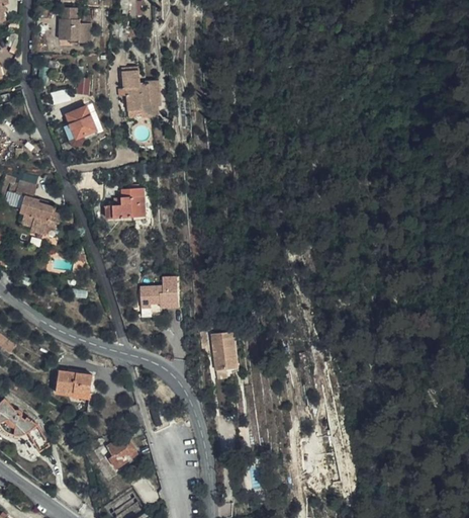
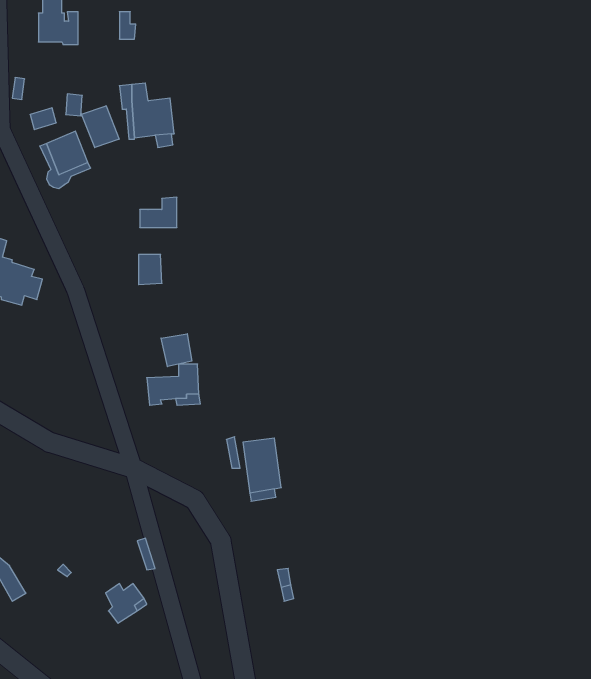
building: none -> [82,106,119,148]
building: [105,195,132,218] -> [140,197,177,227]
building: none -> [161,334,192,367]
building: [56,370,93,395] -> none

